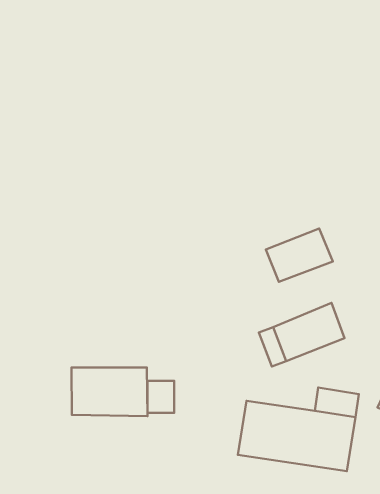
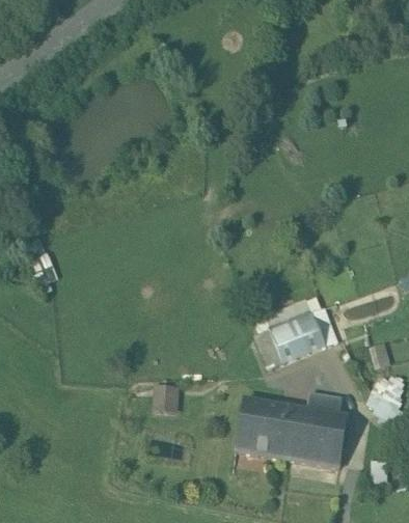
building: [266,228,333,282] -> none
building: [71,367,148,416] -> none

